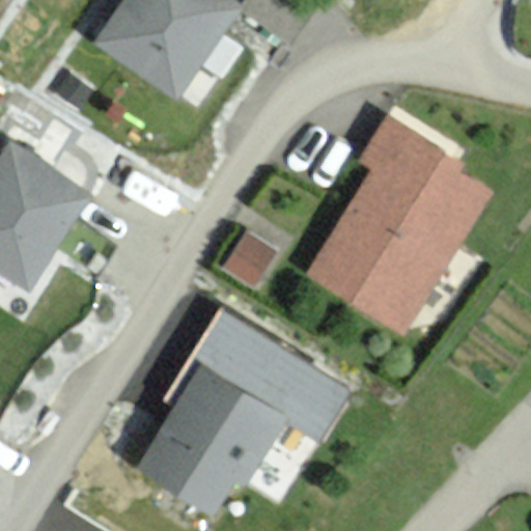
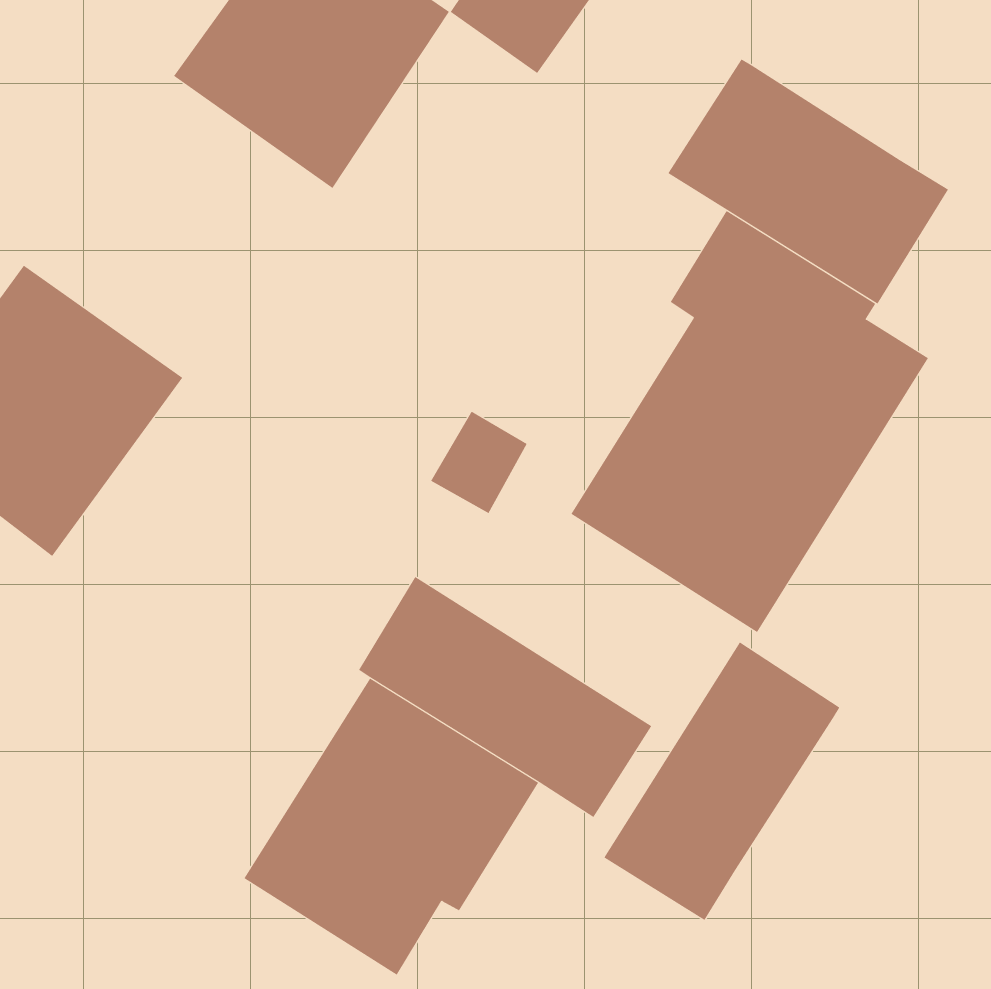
building: none -> [667,59,949,305]
building: none -> [603,642,840,921]

